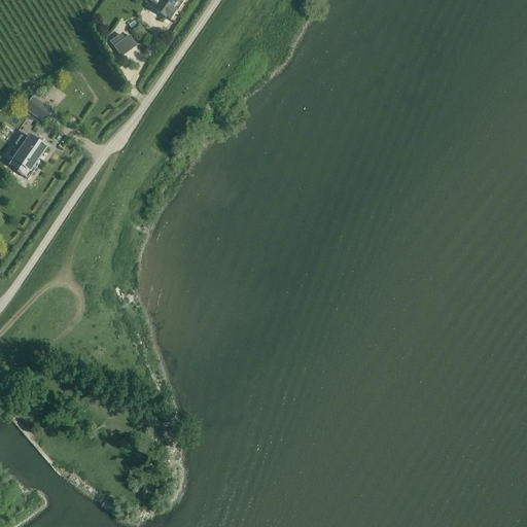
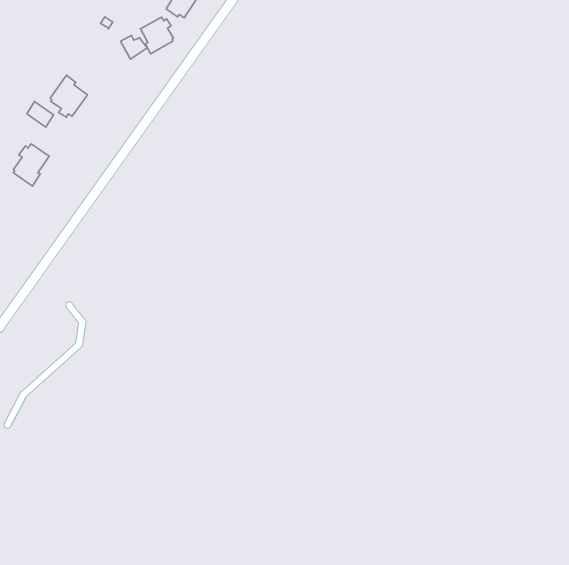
building: none -> [141,17,174,54]
building: none -> [50,75,87,117]

